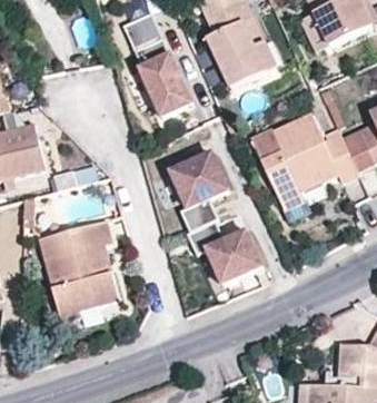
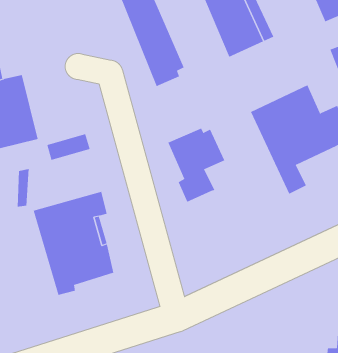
building: [186,220,262,285] -> none

